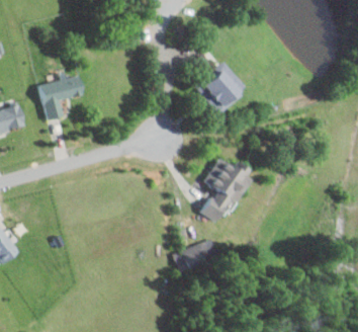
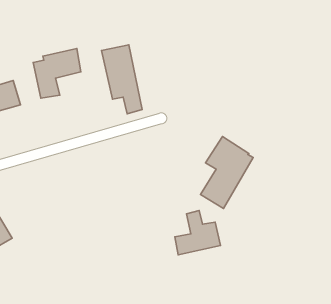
building: [194,61,248,113] -> none
building: none -> [102,45,142,114]

